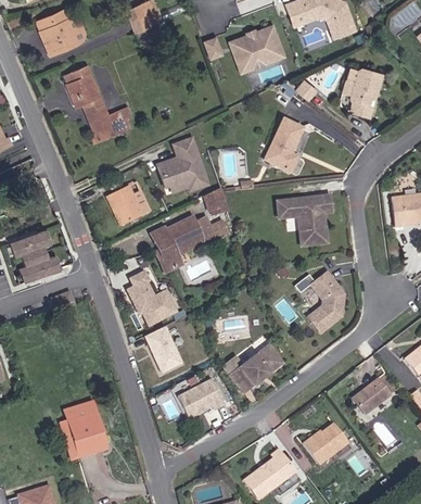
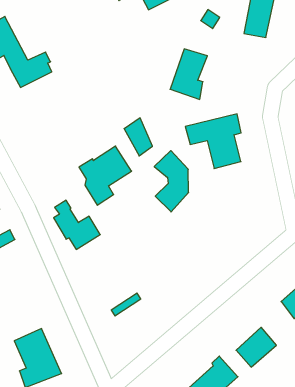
building: [157,137,212,196] -> none
building: [106,180,152,226] -> none
building: [307,270,345,336] -> [154,151,189,212]
building: [144,326,183,373] -> none
building: [231,343,285,394] -> none
building: [177,377,227,420] -> none

